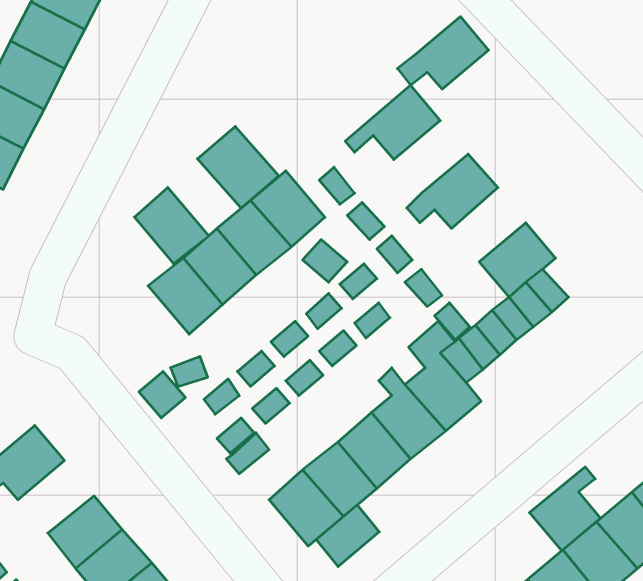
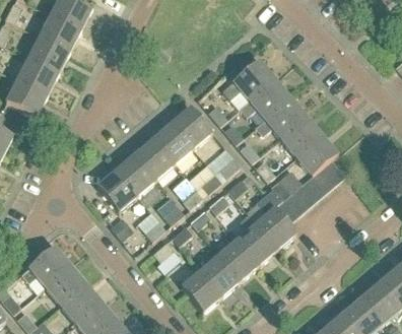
building: [397,17,489,89] -> [240,79,289,119]
building: [197,126,279,208] -> none
building: [134,187,209,264] -> [96,170,137,211]
building: none -> [280,116,321,156]
building: none -> [44,265,85,305]
building: [529,467,601,551] -> none
building: [316,505,379,567] -> none

